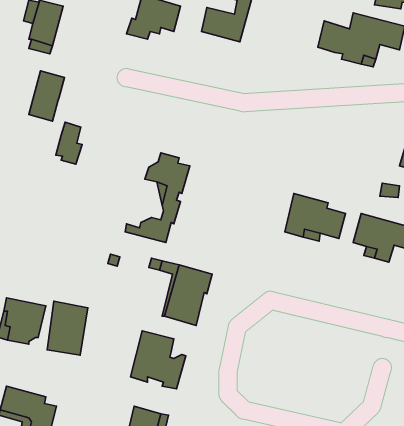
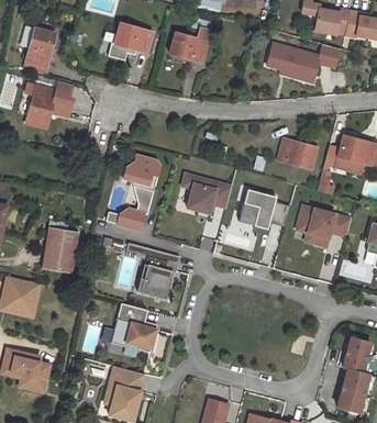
building: [56,122,82,164] -> [52,81,74,116]
building: none -> [279,140,318,168]
building: none -> [179,174,231,211]
building: [47,301,88,355] -> [44,227,78,272]

